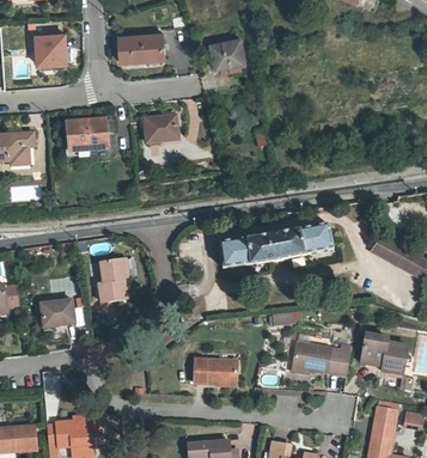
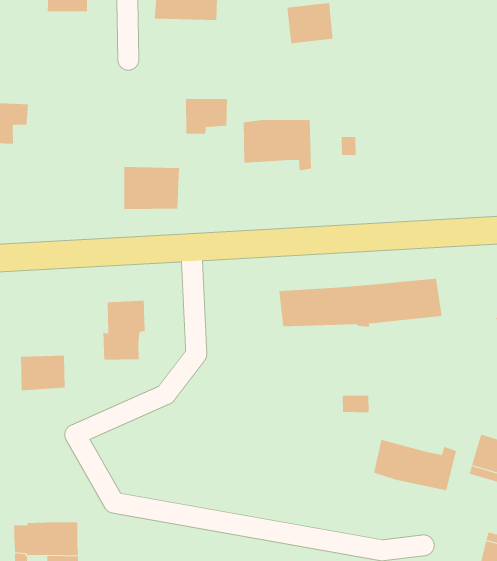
building: [65,118,105,151] -> [124,167,180,209]
building: none -> [243,119,311,171]
building: [196,360,238,384] -> none

